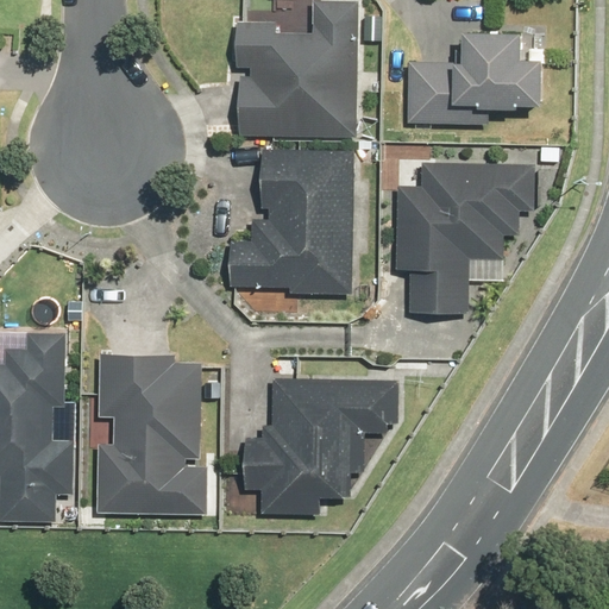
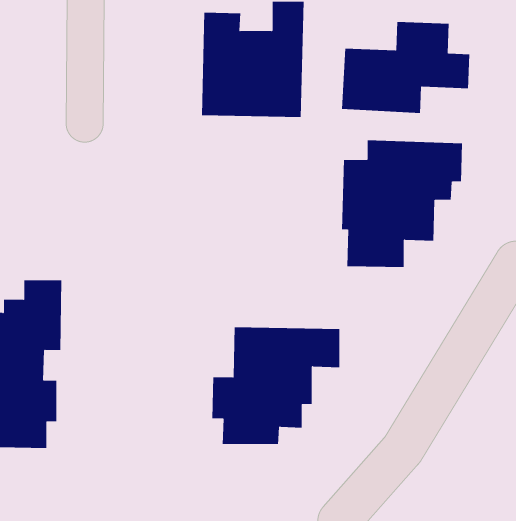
building: [232,150,353,296] -> none
building: [95,356,211,509] -> none

